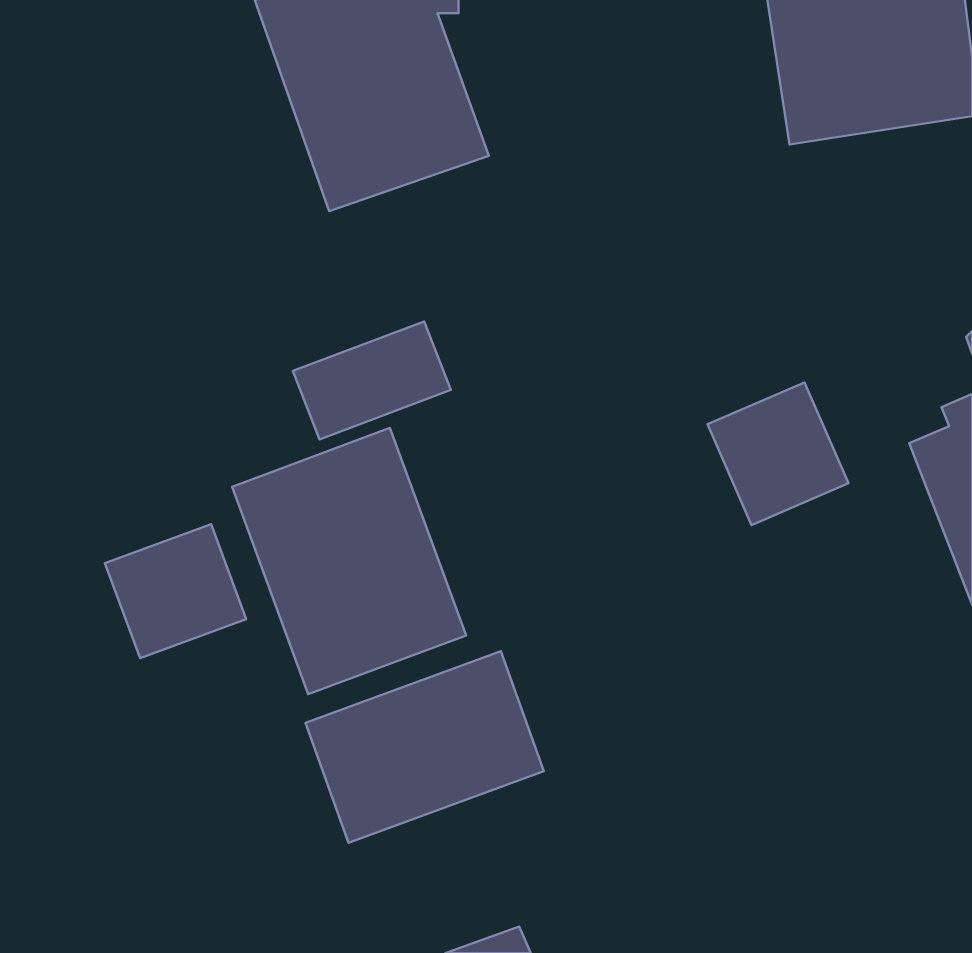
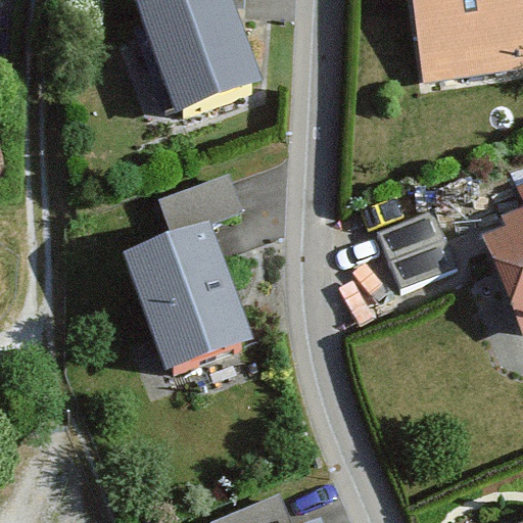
building: [105,524,246,658] -> none
building: [305,651,544,843] -> none

